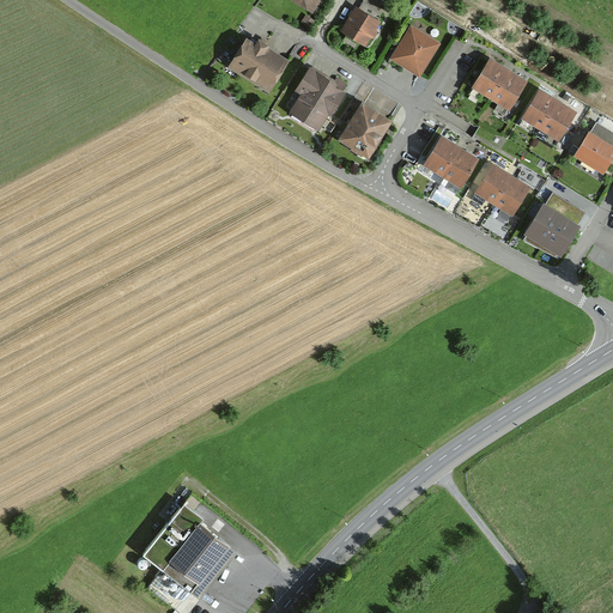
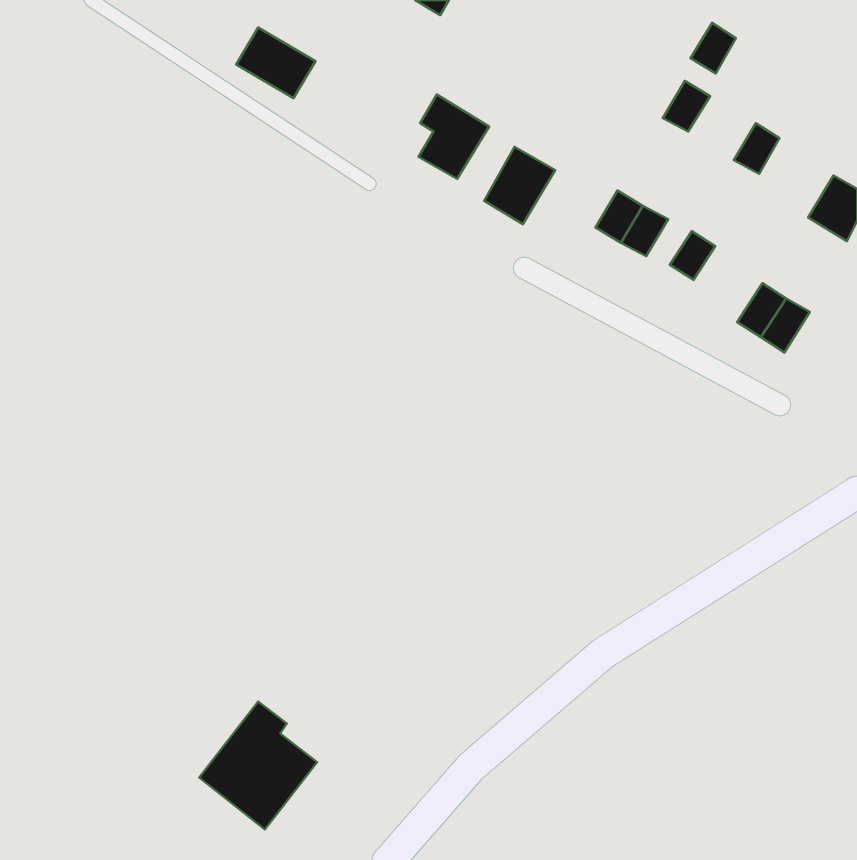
building: [341,10,382,49] -> none
building: [393,28,441,78] -> none
building: [231,40,287,90] -> [236,27,315,98]
building: [488,69,521,105] -> [690,23,736,74]
building: [539,99,571,135] -> none
building: [492,176,524,211] -> none

